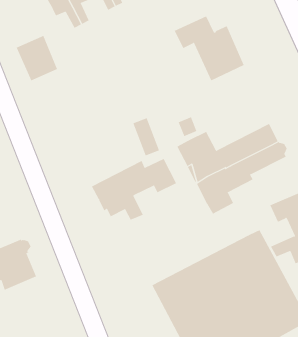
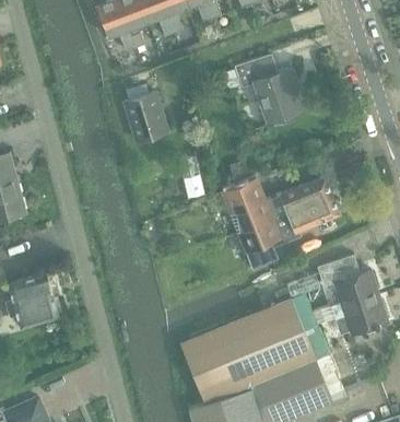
building: [16,35,58,81] -> [126,92,168,140]
building: [91,158,177,221] -> none

